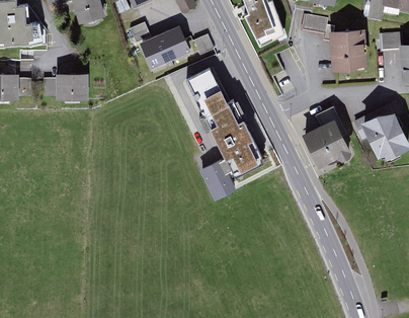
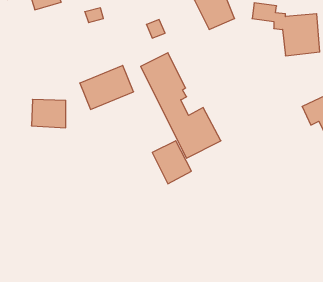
building: [137,24,192,70] -> [80,65,134,109]
building: [55,72,90,101] -> [31,99,66,128]
building: [303,107,357,168] -> none

